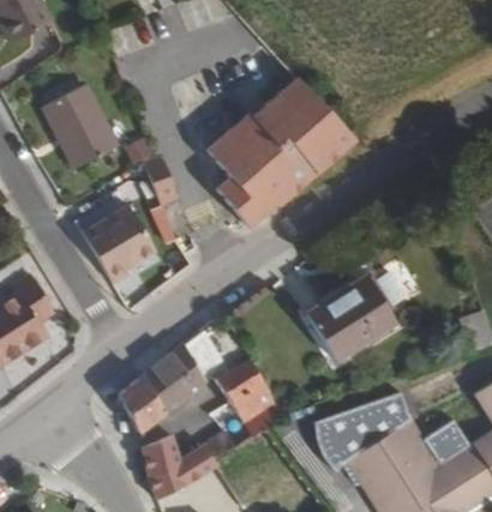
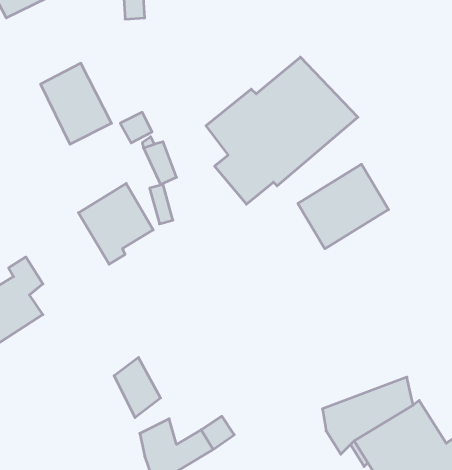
building: [305,277,394,360] -> [298,164,389,249]
building: [140,330,222,415] -> none
building: [216,360,277,438] -> none

